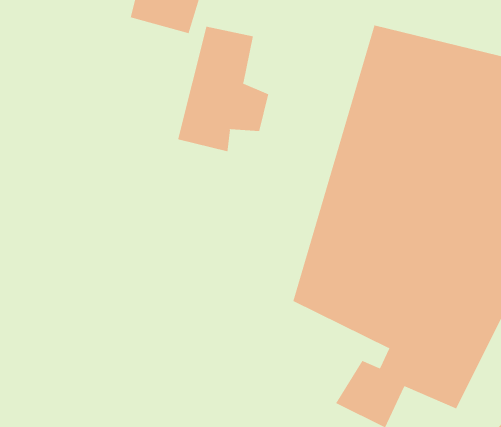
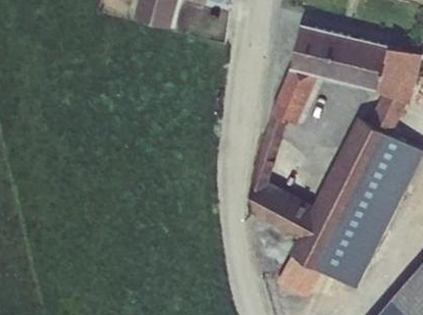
building: [178,26,269,152] -> none

